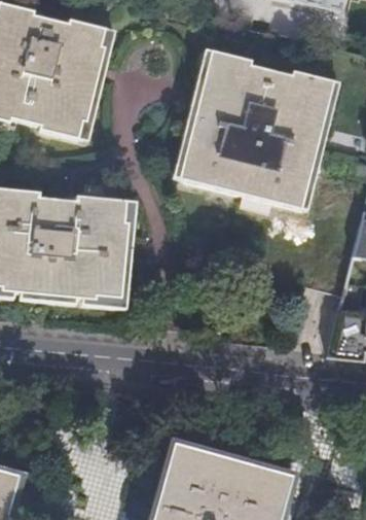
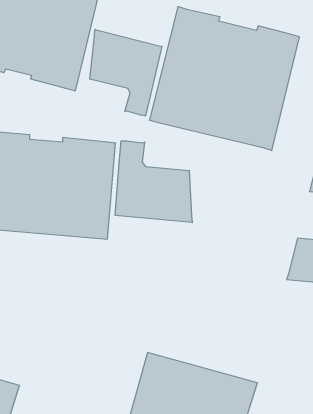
building: none -> [90,29,162,116]
building: none -> [115,141,192,223]

